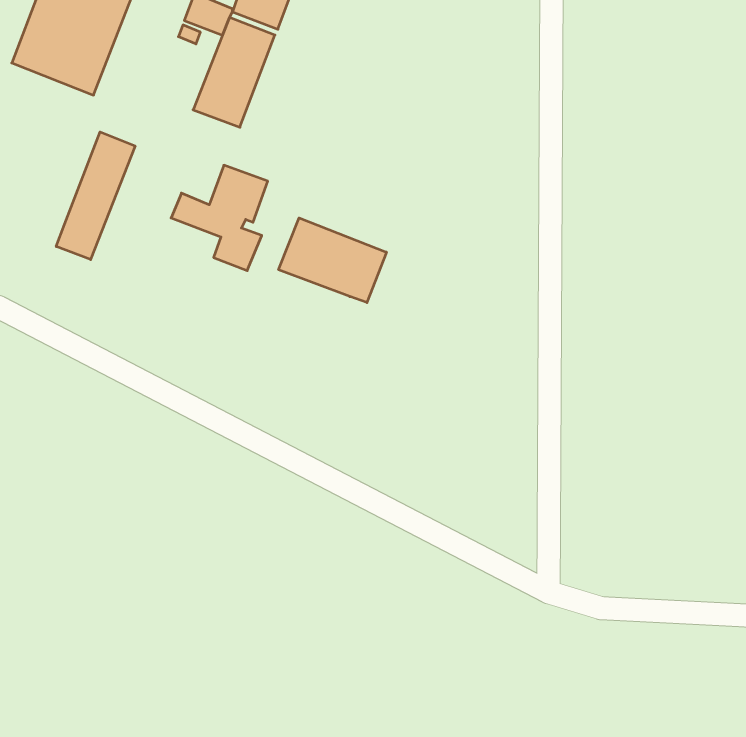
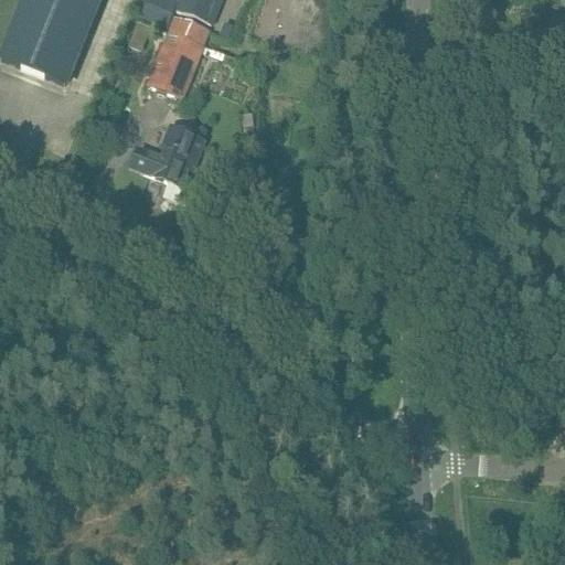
building: [56,132,135,260] -> none
building: [279,218,386,303] -> none

